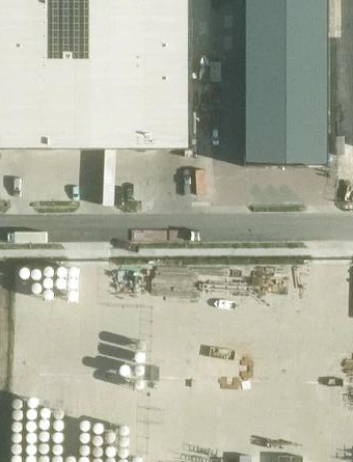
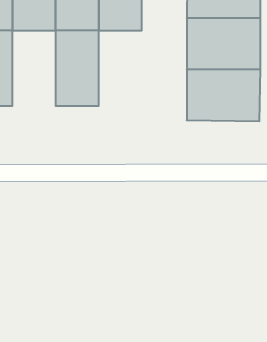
building: [42,60,91,147] -> none
building: [141,60,191,147] -> none

